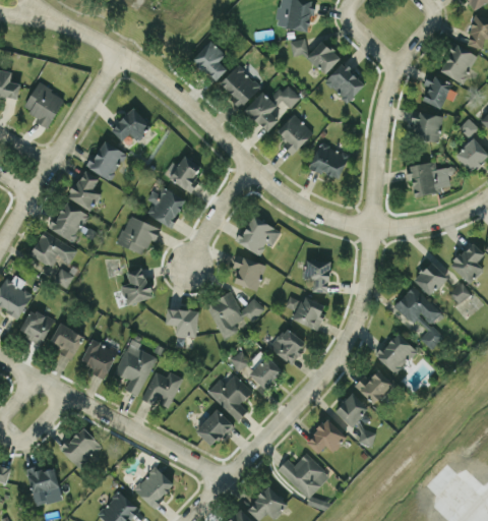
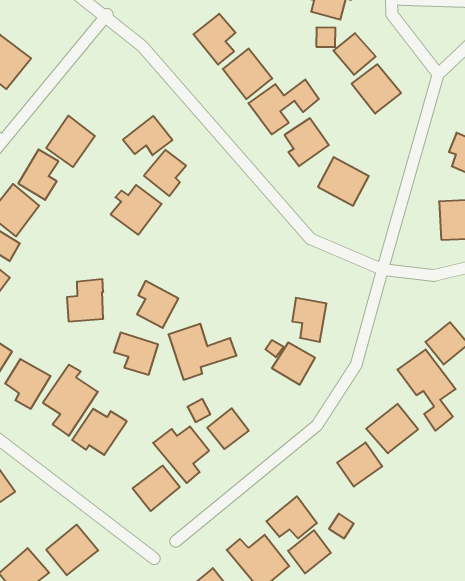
building: [111,108,150,140] -> [123,116,172,155]
building: [237,215,281,255] -> none
building: [118,216,161,253] -> none
building: [233,254,265,290] -> [137,281,178,328]
building: [269,327,304,364] -> none
building: [334,392,369,427] -> [288,530,331,573]

